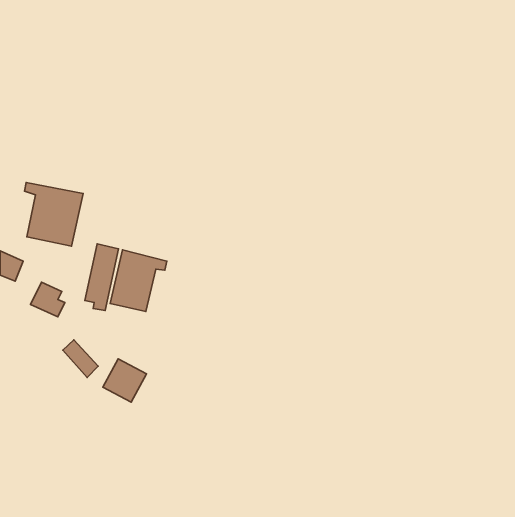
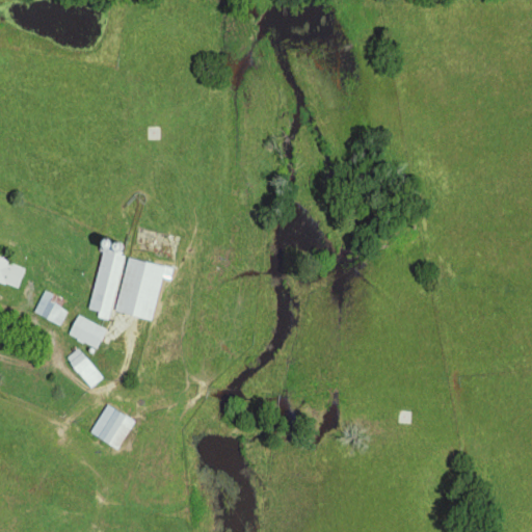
building: [24,182,83,246] -> none
building: none -> [69,315,106,347]
building: [103,359,146,402] -> [90,404,135,449]

